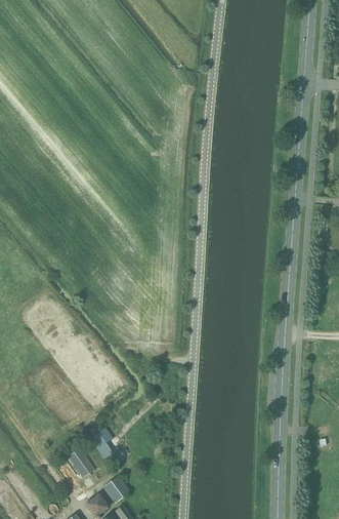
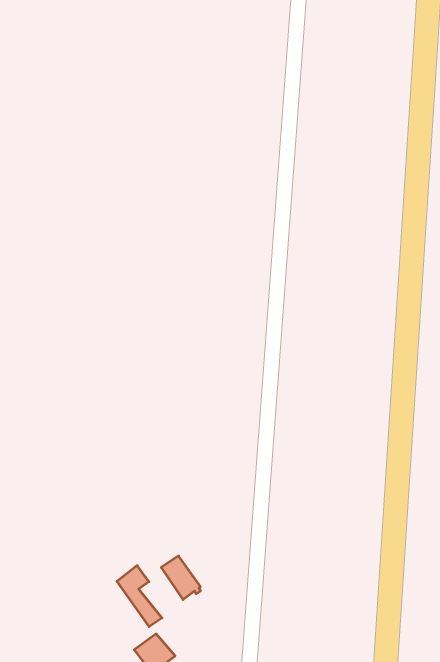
building: [68,448,95,479] -> [161,556,200,600]

